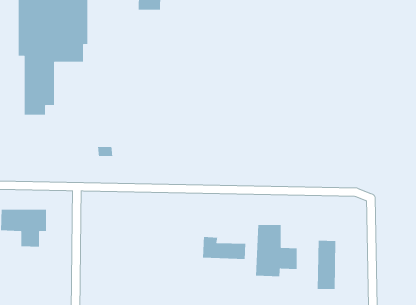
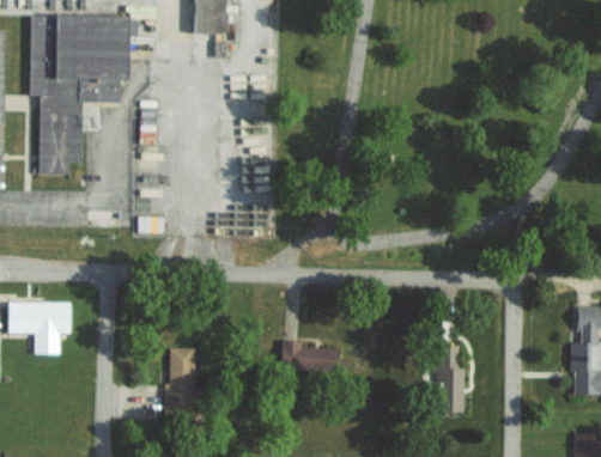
building: [255,224,298,277] -> none
building: none -> [166,347,196,419]

